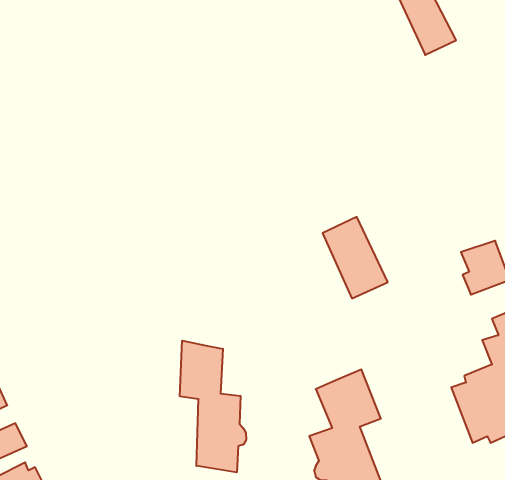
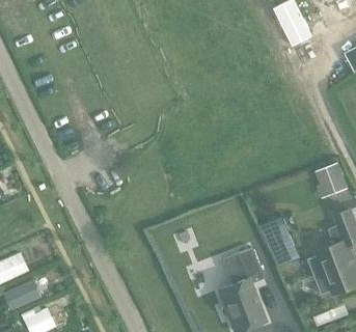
building: [323,217,388,298] -> [259,215,301,267]
building: [180,341,246,472] -> none

